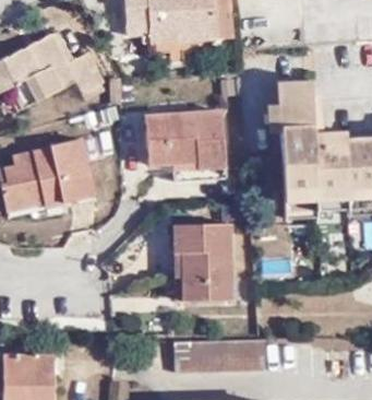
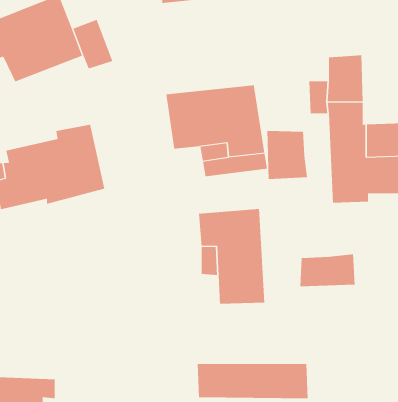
building: none -> [267,130,307,180]
building: none -> [300,254,355,287]

